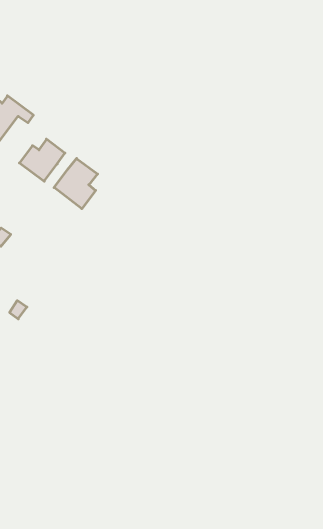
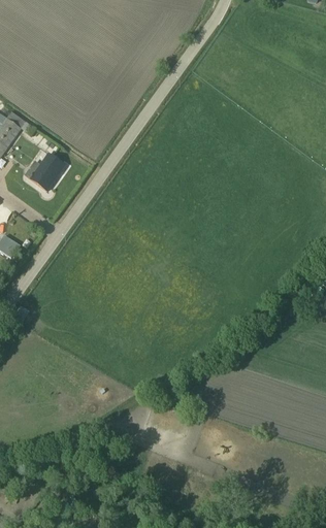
building: [54,158,98,209] -> none

